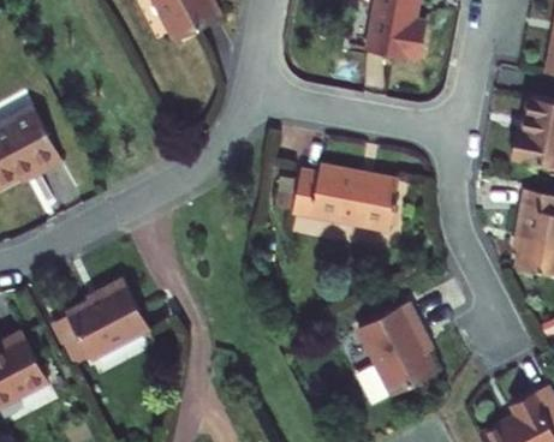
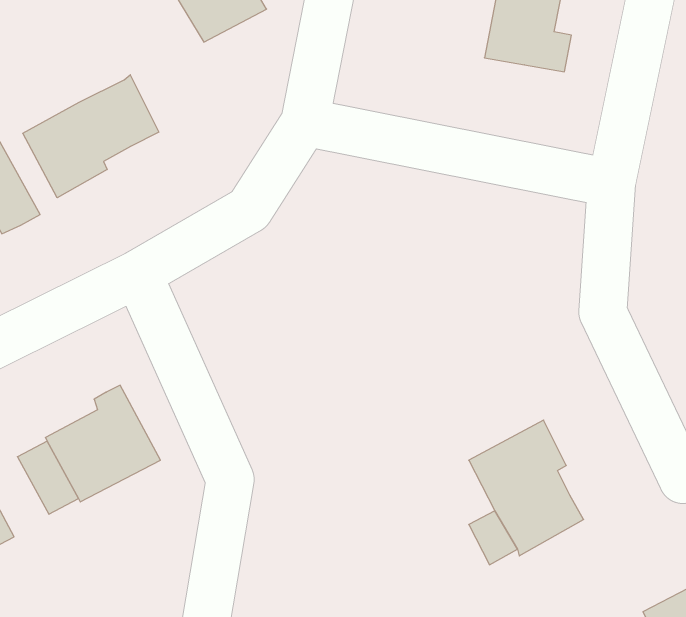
building: none -> [23,75,159,198]
building: [293,171,400,238] -> none

